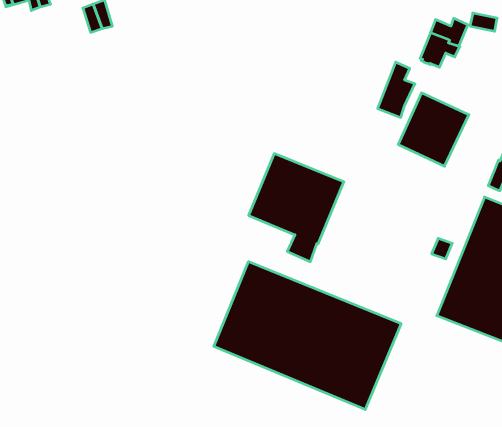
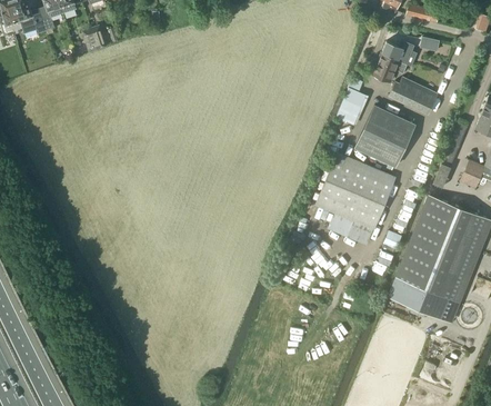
building: none -> [388,77,438,115]
building: [249,154,344,262] -> [313,152,395,246]
building: [214,262,401,410] -> none

